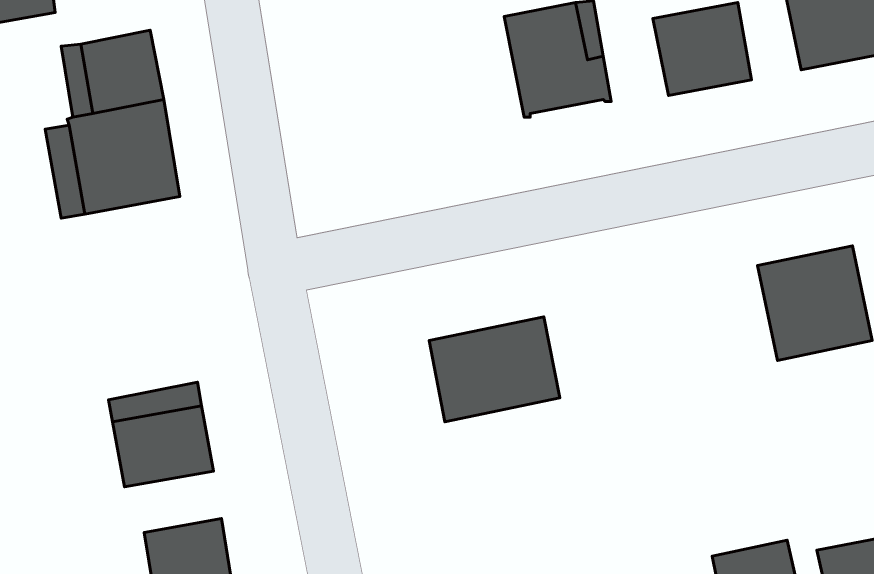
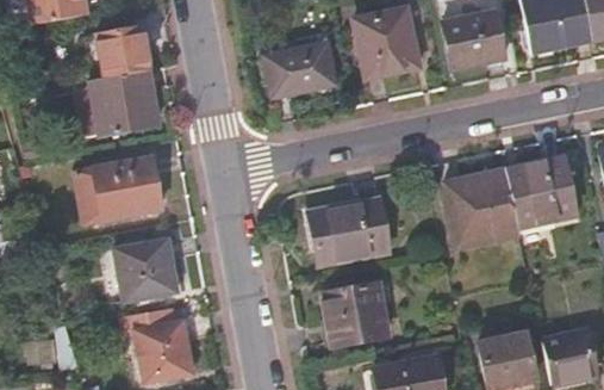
building: none -> [266,43,332,94]
building: none -> [74,157,162,224]
building: none -> [447,168,518,241]
building: none -> [322,283,387,346]

